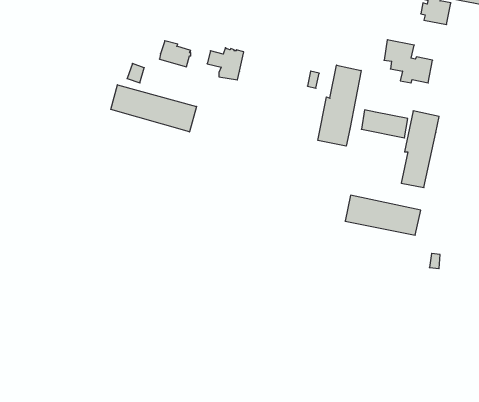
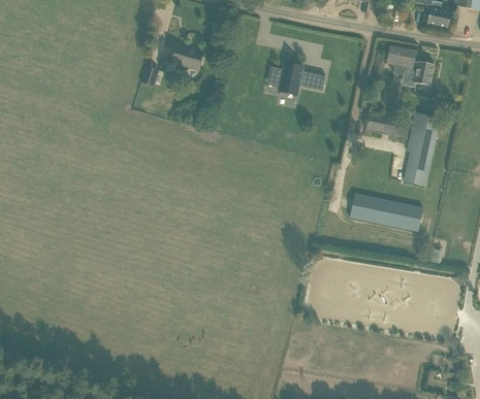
building: [207,48,244,80] -> [267,63,302,94]
building: [318,65,361,146] -> none
building: [111,85,197,132] -> none

